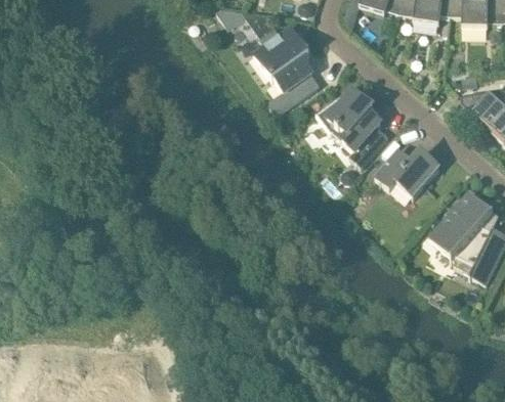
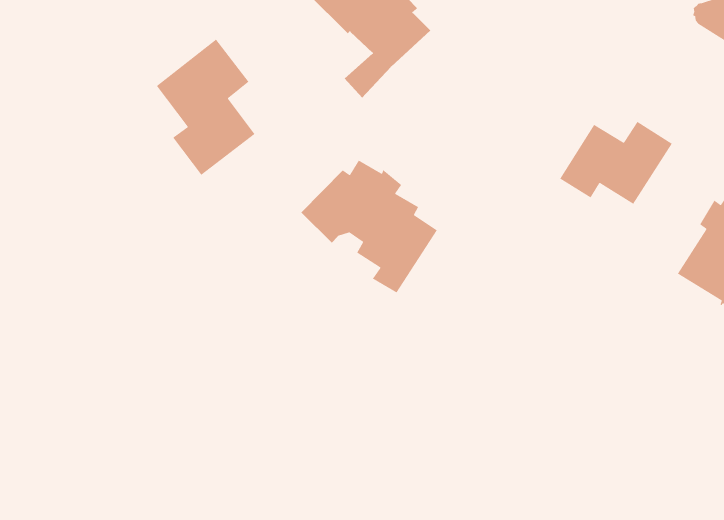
building: none -> [156,39,256,176]
building: [317,89,389,165] -> [300,160,438,294]

